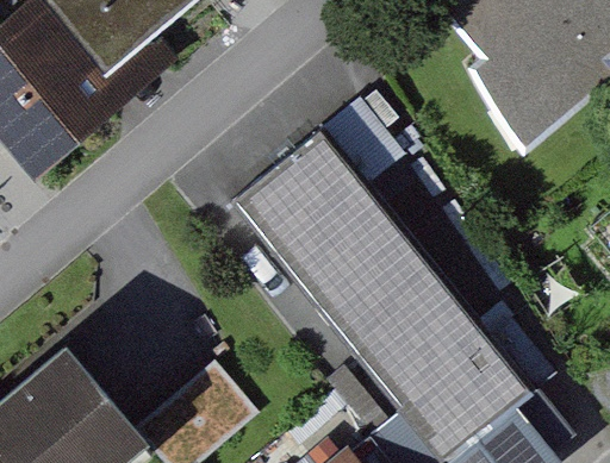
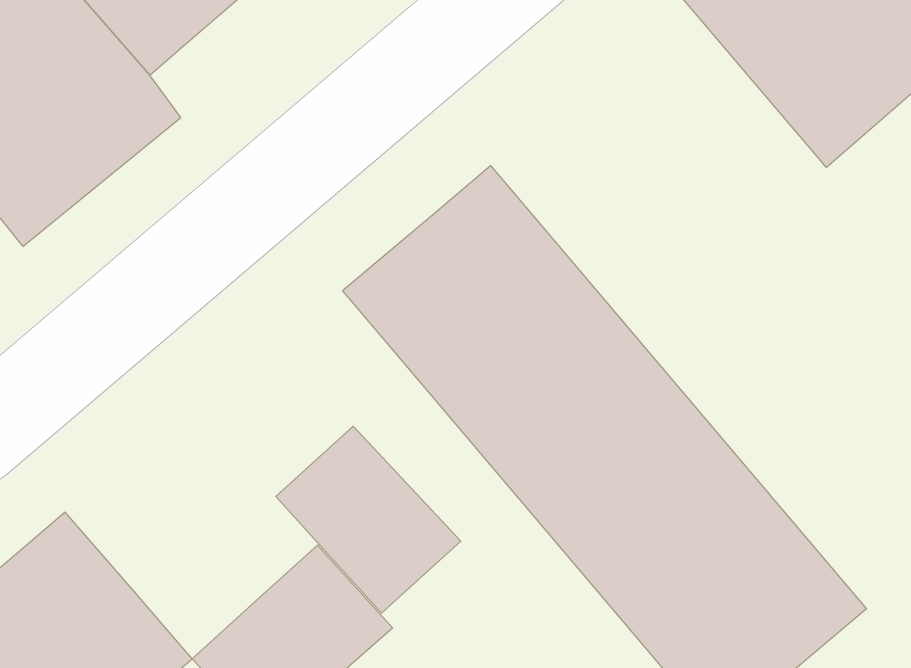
building: none -> [276,426,461,613]

